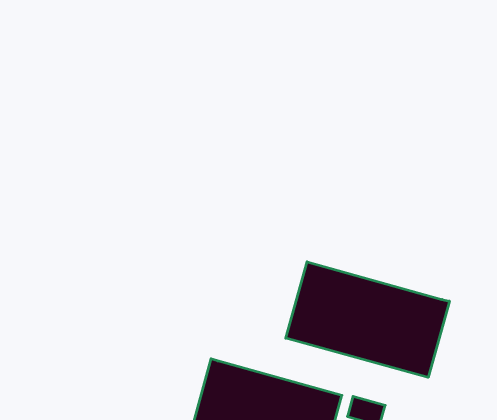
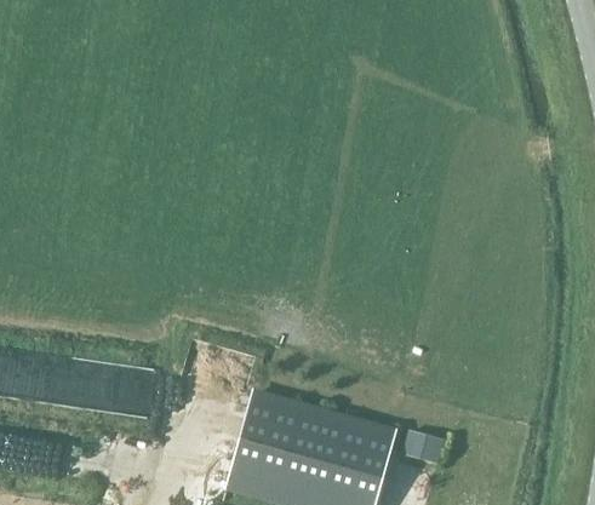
building: [286,262,449,377] -> none

